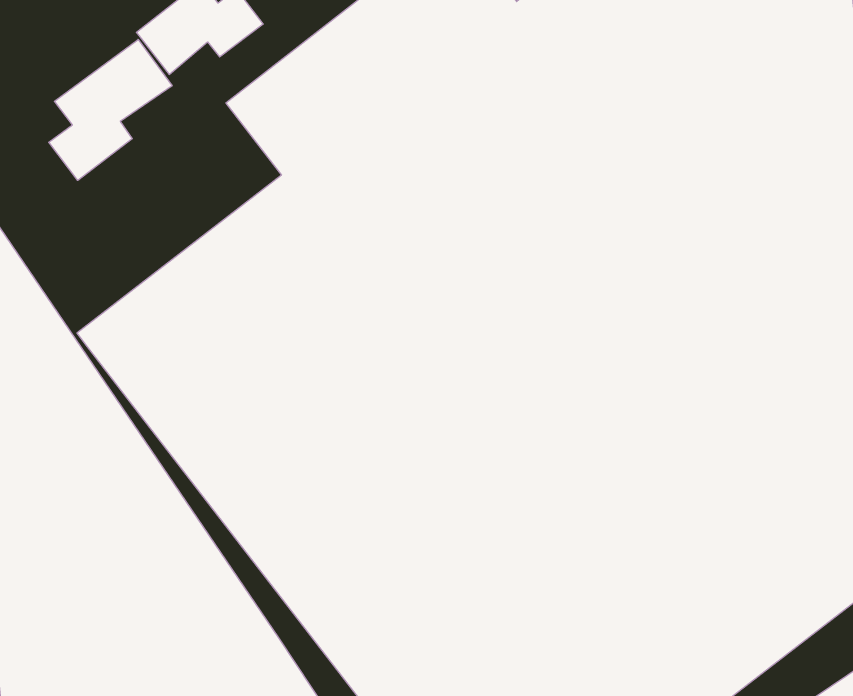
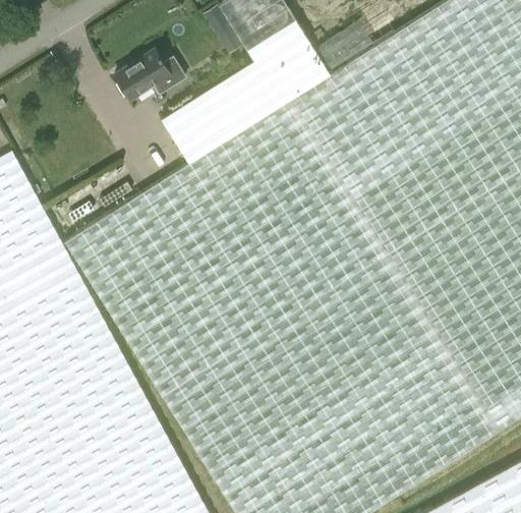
building: [49,39,172,180] -> none

